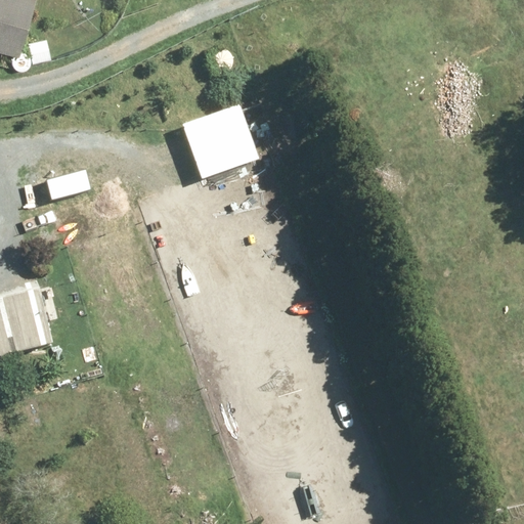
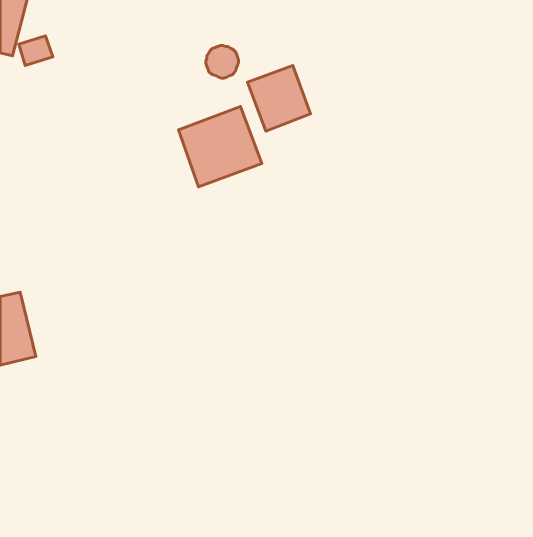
building: none -> [247,65,311,131]

